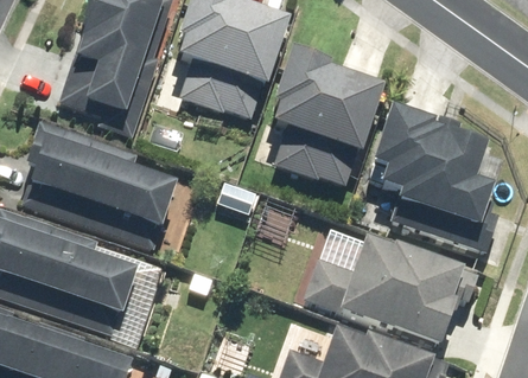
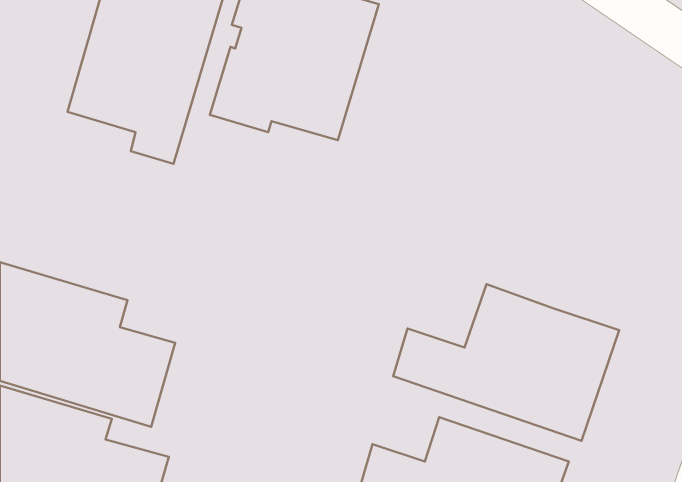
building: [269,41,380,181] -> none
building: [374,105,500,241] -> none
building: [23,117,183,243] -> none

